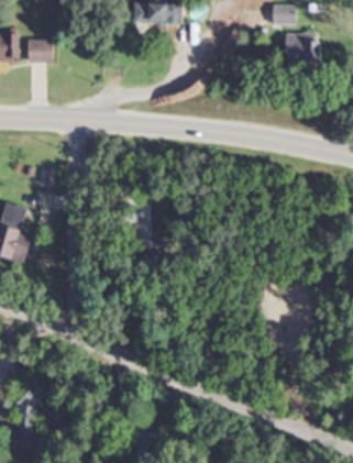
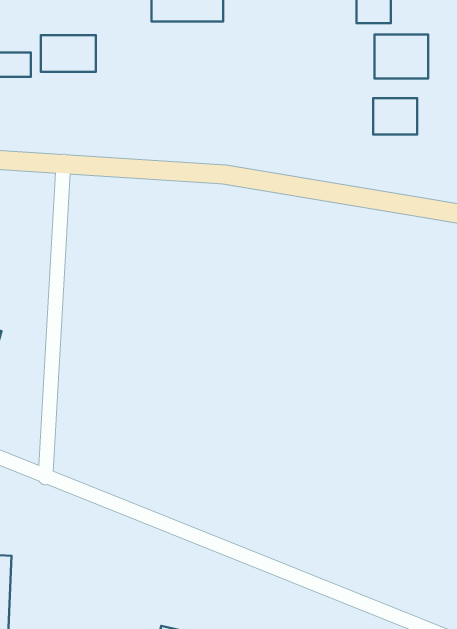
building: none -> [41,35,96,72]
building: none -> [373,98,417,134]

